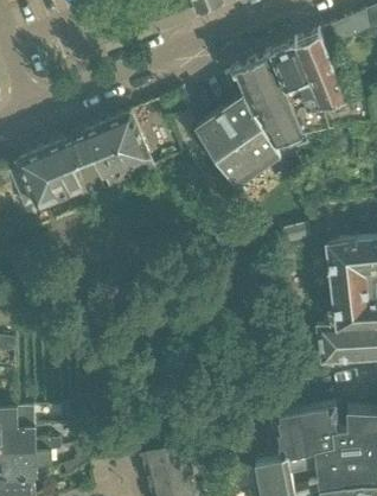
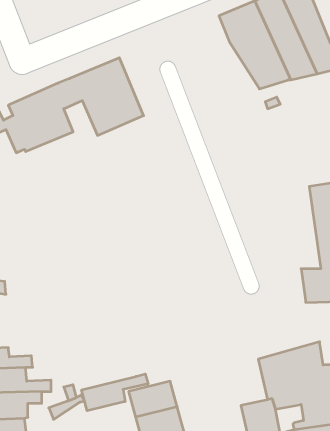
building: [196,95,279,186] -> none
building: none -> [82,374,148,411]

